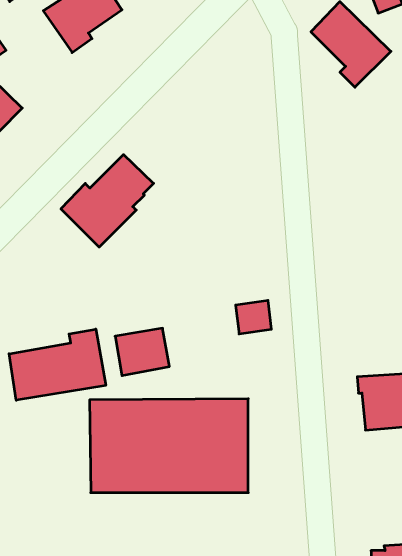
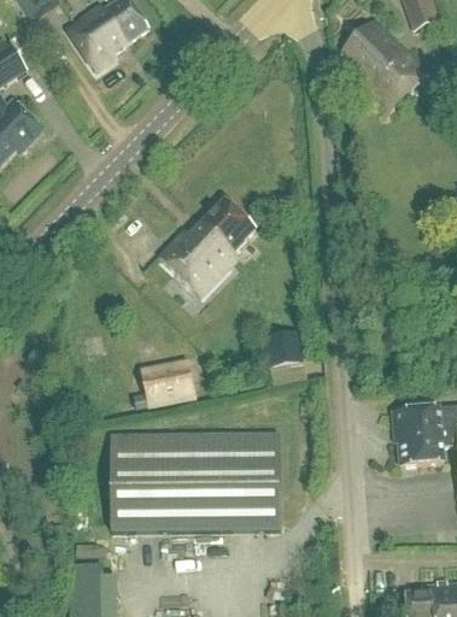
building: [61,155,154,247] -> [158,199,254,295]
building: [9,329,106,400] -> none
building: none -> [68,563,117,589]

